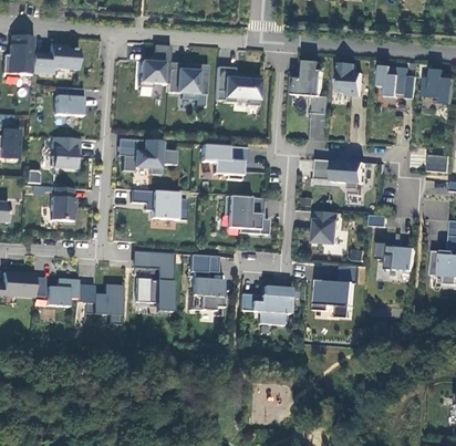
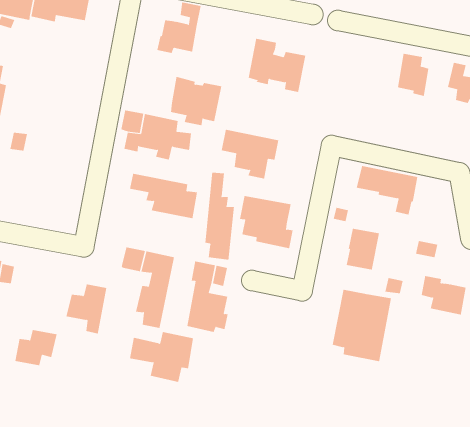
building: [293,61,330,114] -> none
building: [168,62,208,100] -> [170,76,222,126]
building: [54,87,83,116] -> none
building: [51,137,80,168] -> none
building: none -> [205,172,235,261]
building: [51,187,76,221] -> none
building: [46,278,79,307] -> [15,329,57,366]
building: [240,286,291,325] -> [129,331,194,382]

